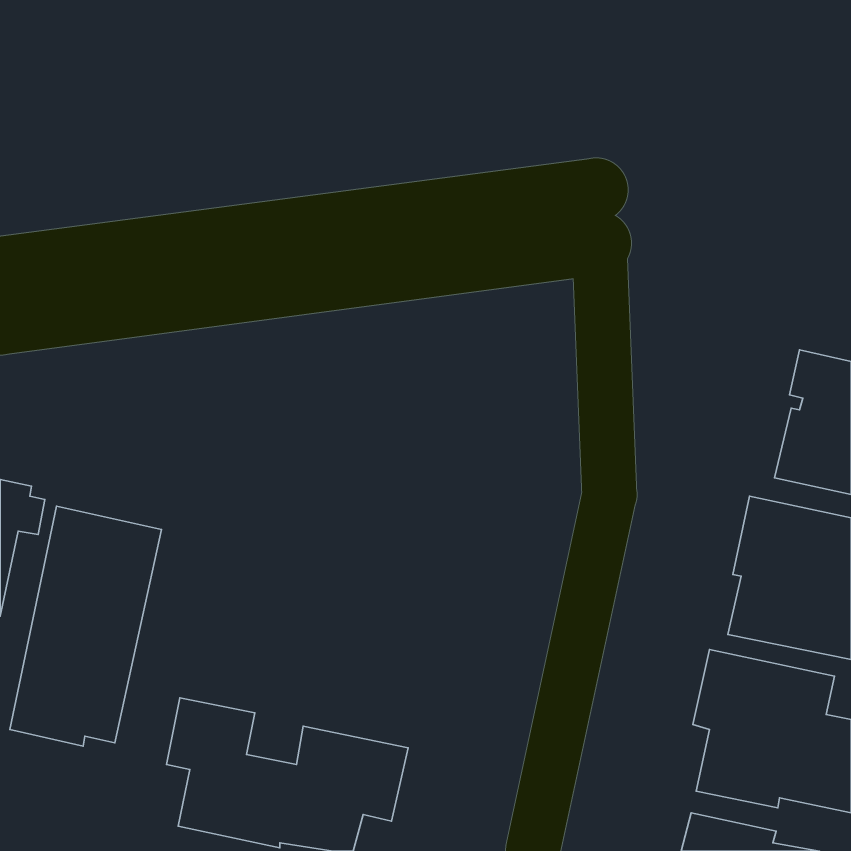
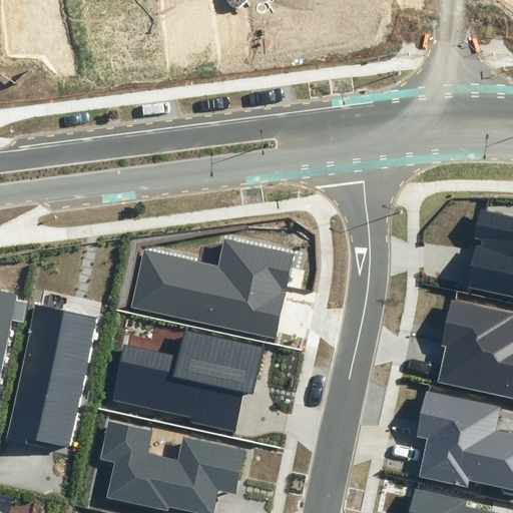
building: none -> [131,239,295,339]
building: none -> [114,331,264,432]

